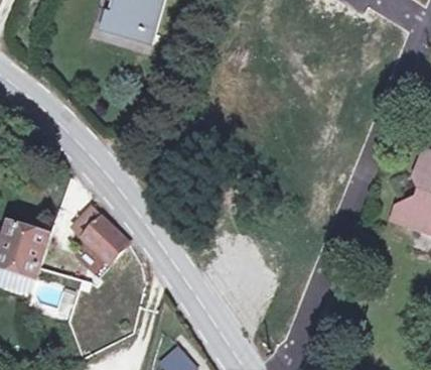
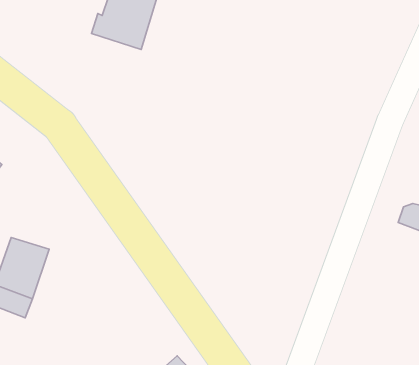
building: [88,213,132,266] -> none

